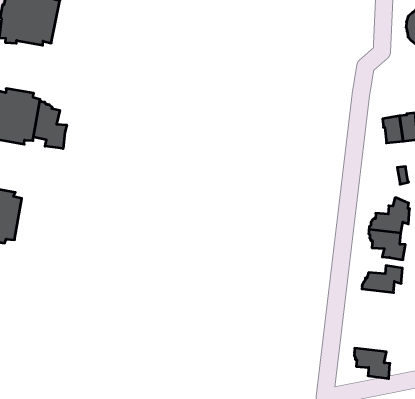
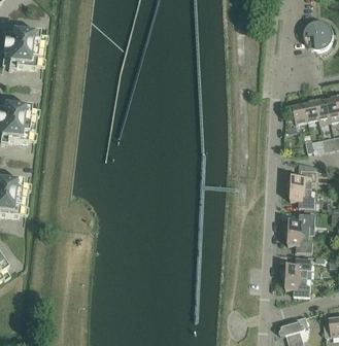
building: [34,101,67,149] -> none
building: none -> [284,232,312,252]
building: none -> [282,257,311,277]

